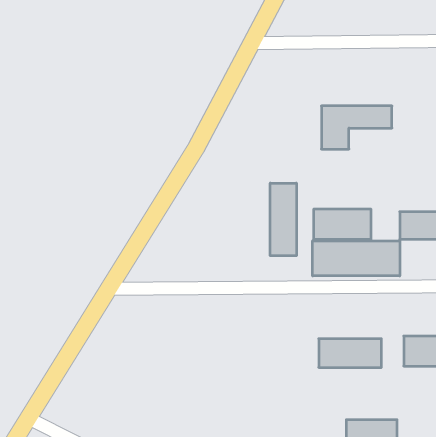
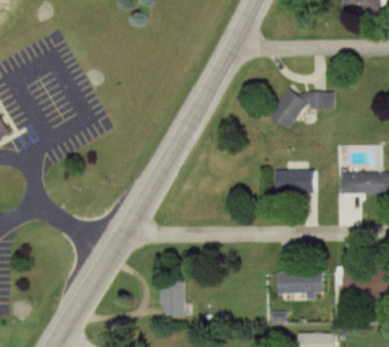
building: [270,183,296,256] -> none
building: [313,241,400,276] -> none
building: none -> [159,282,182,316]

